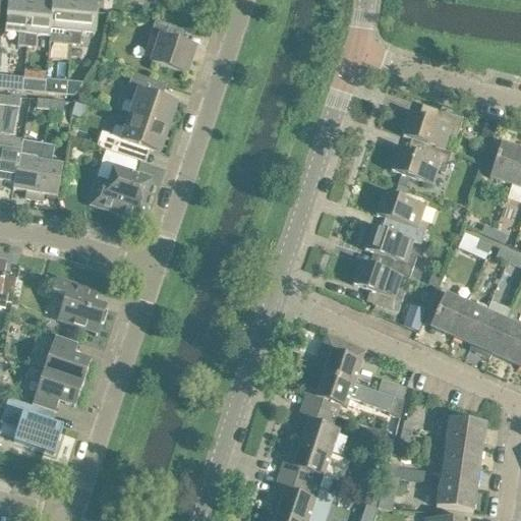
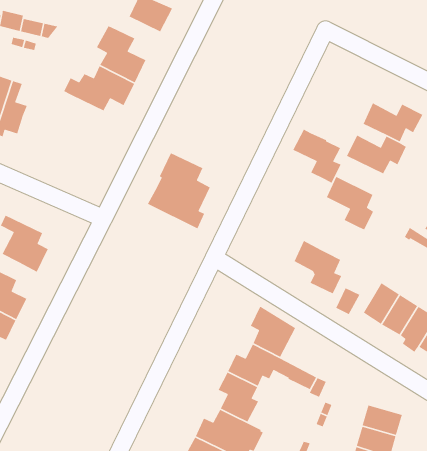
building: [89,148,151,222] -> [147,152,211,230]
building: [364,225,416,277] -> [292,128,342,184]

